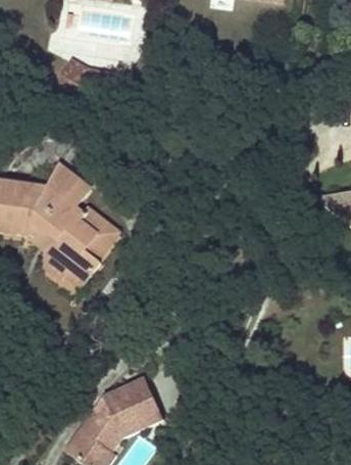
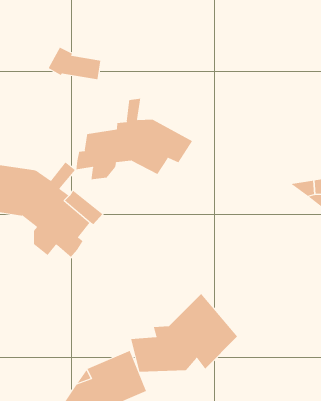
building: none -> [76,98,193,180]
building: none -> [130,293,238,372]

